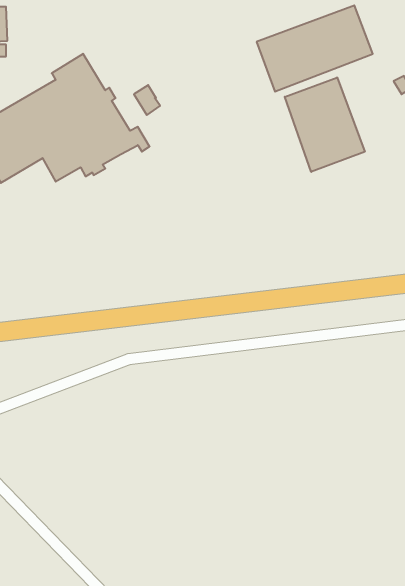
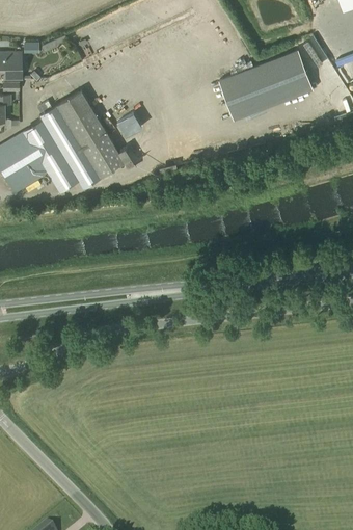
building: [285,77,365,172] -> none

